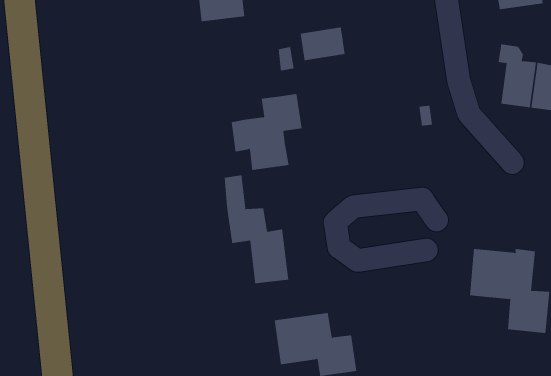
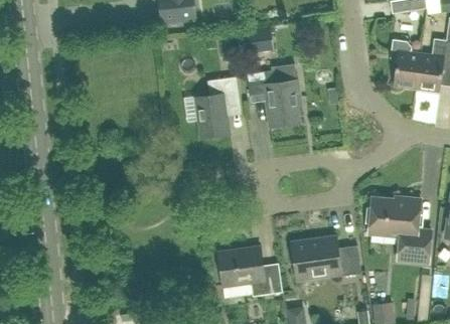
building: none -> [247,70,300,127]
building: [224,175,289,284] -> none
building: none -> [291,236,360,277]

